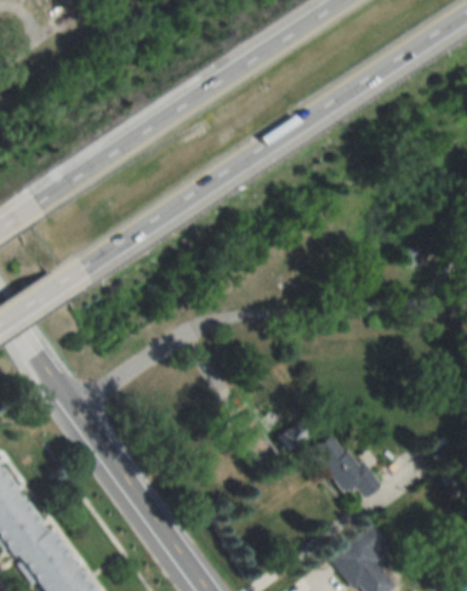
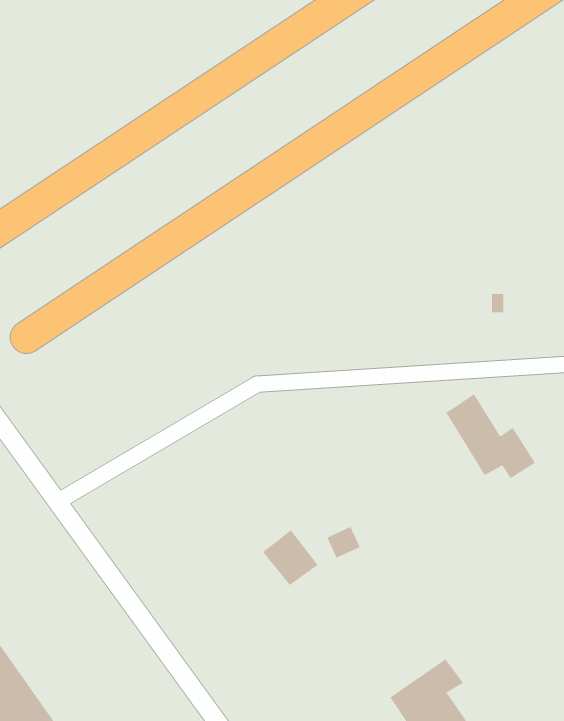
building: [318,434,386,499] -> [446,393,536,479]

